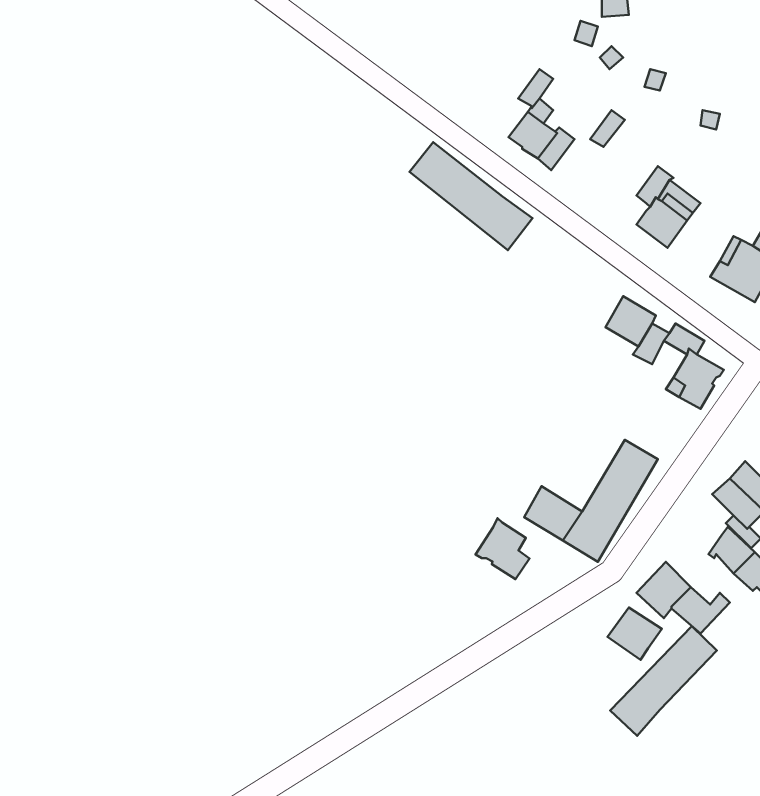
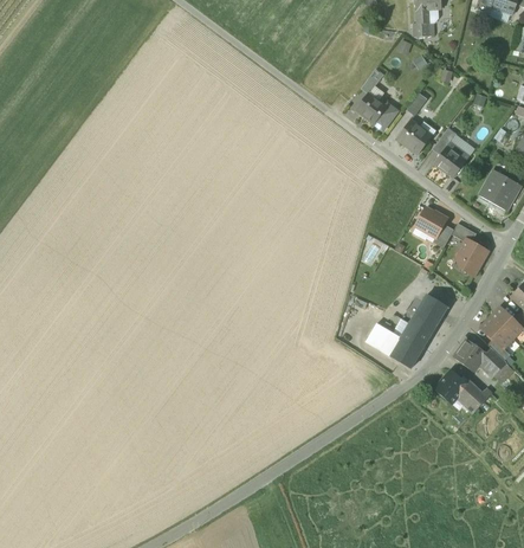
building: [409,142,532,250] -> none
building: none -> [396,120,432,154]
building: [475,518,530,579] -> none
building: [608,608,662,660] -> [453,339,486,370]
building: [610,626,717,736] -> none

